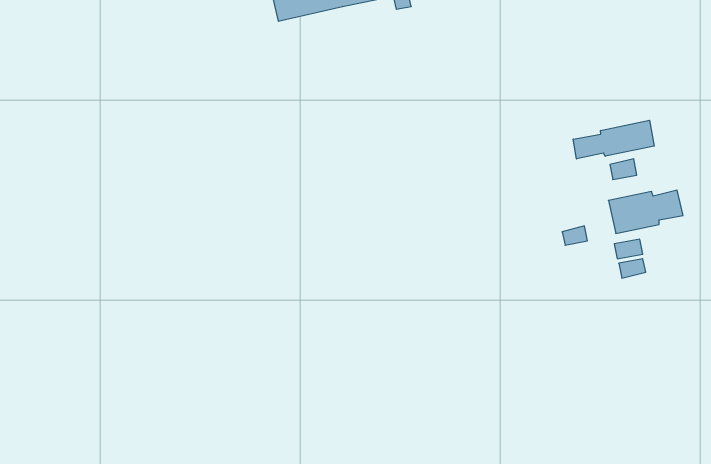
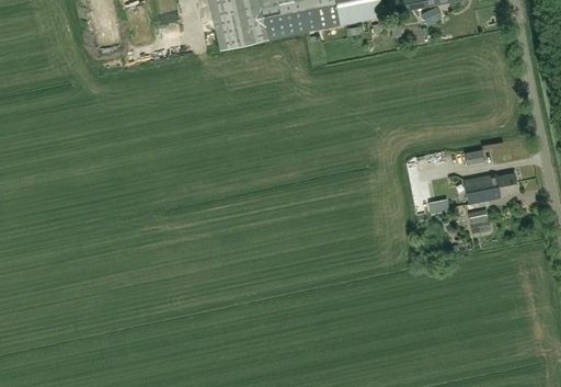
building: [573,120,654,159] -> none

